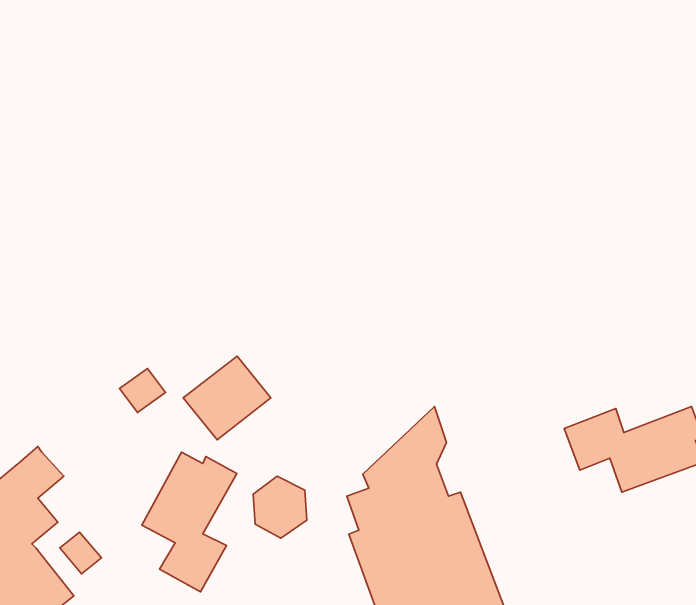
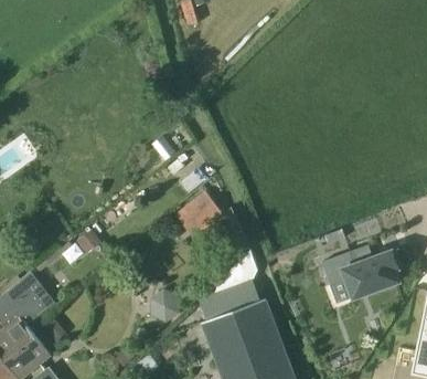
building: [183,356,271,440] -> [175,191,224,238]
building: [142,452,237,592] -> none

